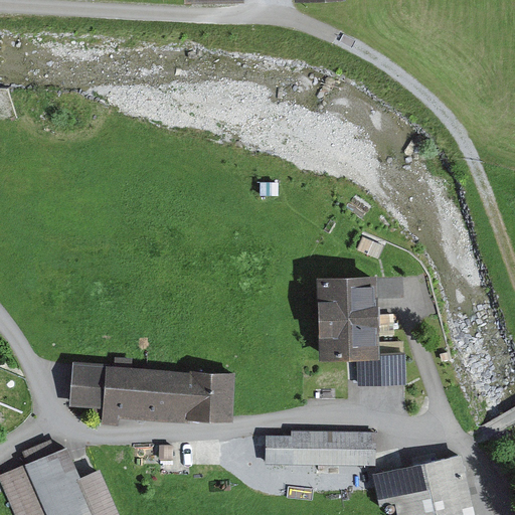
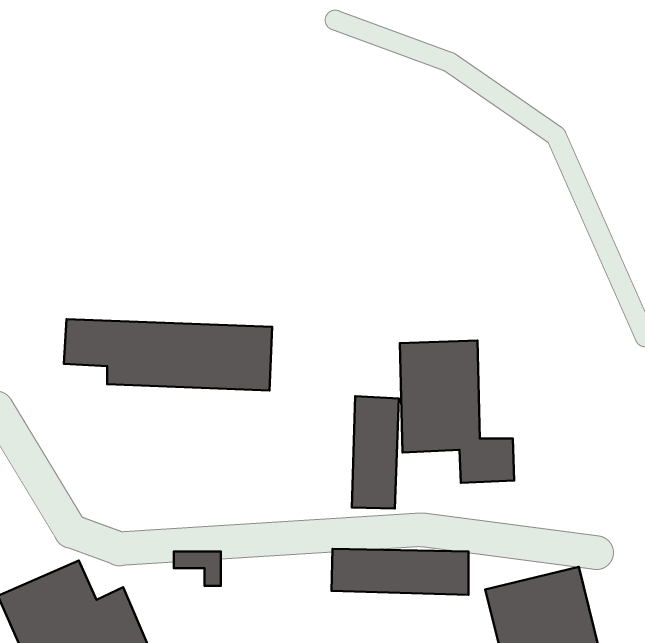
building: none -> [352,396,399,509]
building: [64,365,229,421] -> [64,319,272,390]

